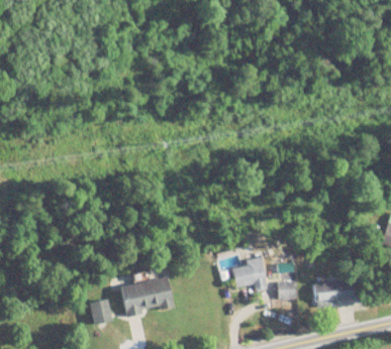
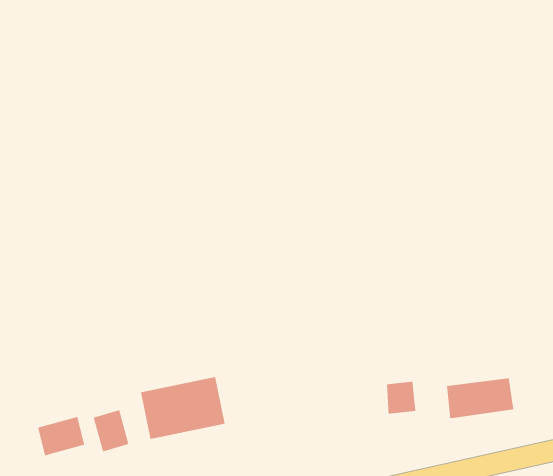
building: [232,257,267,289] -> none
building: none -> [38,416,85,456]

